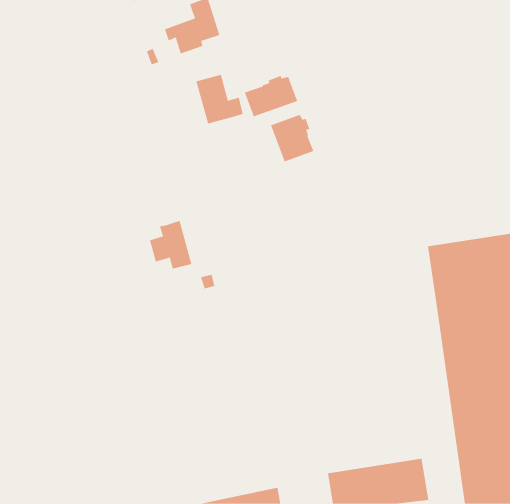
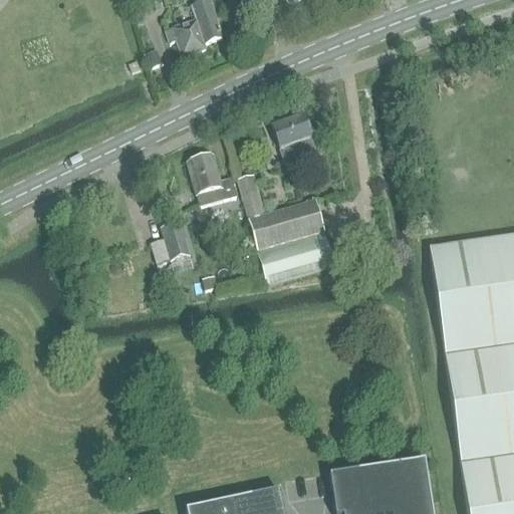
building: [195,74,243,124] -> [188,154,236,204]
building: [244,75,298,117] -> none
building: none -> [238,173,334,283]

